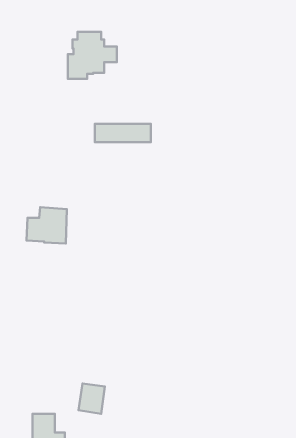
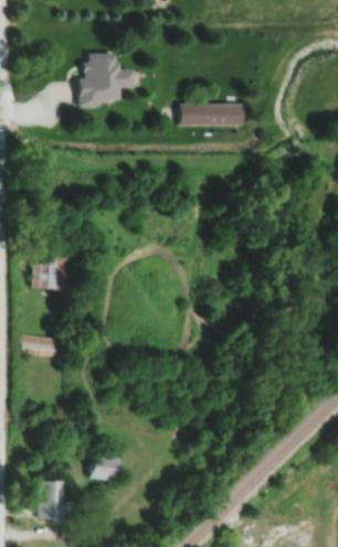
building: [95,124,151,142] -> [180,104,243,125]
building: none -> [22,336,55,358]

